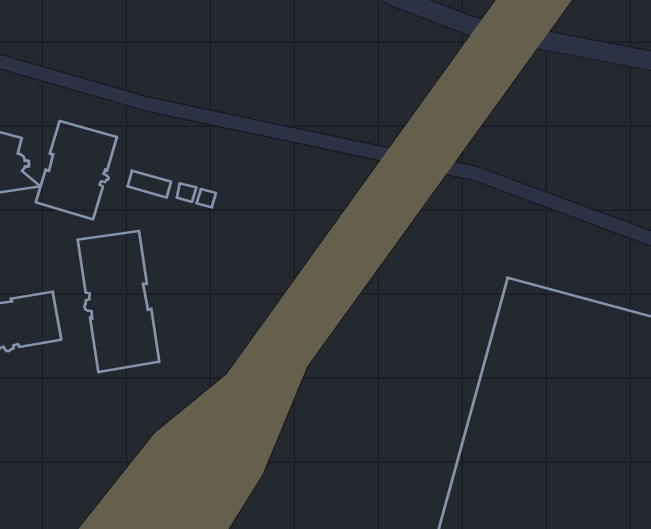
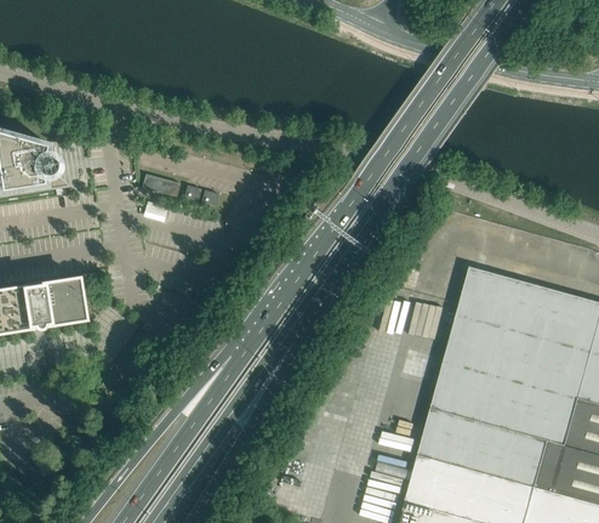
building: [36,121,117,219] -> none
building: [78,231,159,372] -> none

